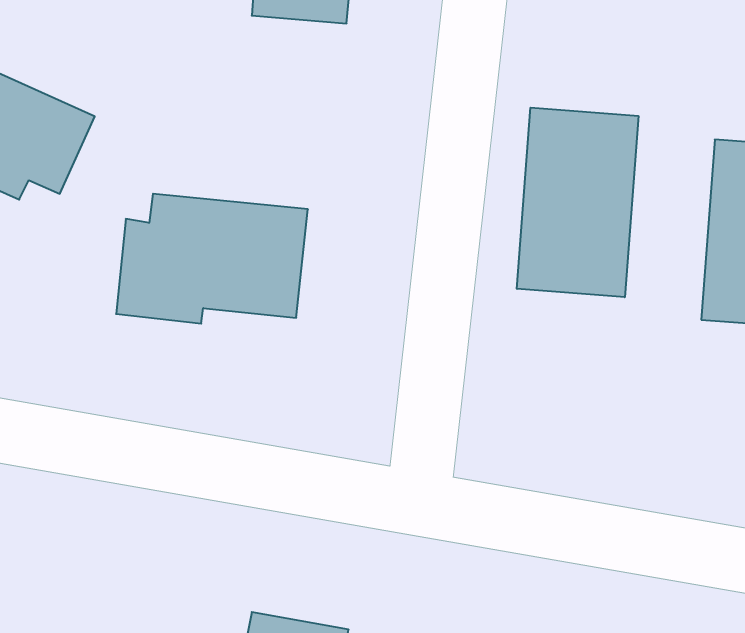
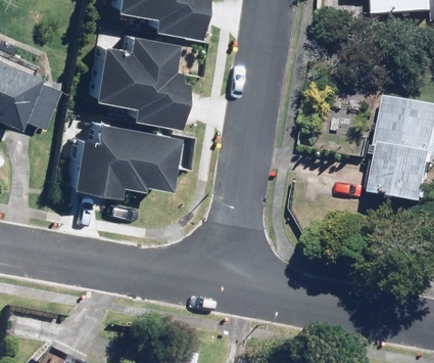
building: none -> [91,40,181,122]
building: [517,108,638,297] -> none

